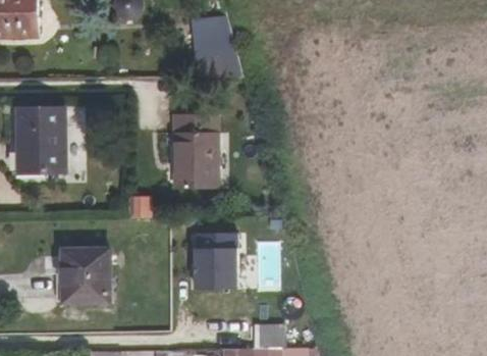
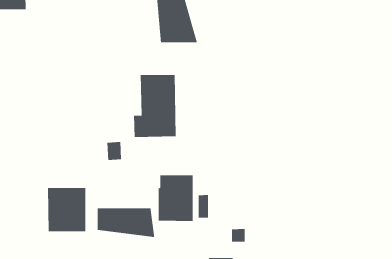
building: [17,108,65,173] -> none
building: none -> [97,207,155,238]

